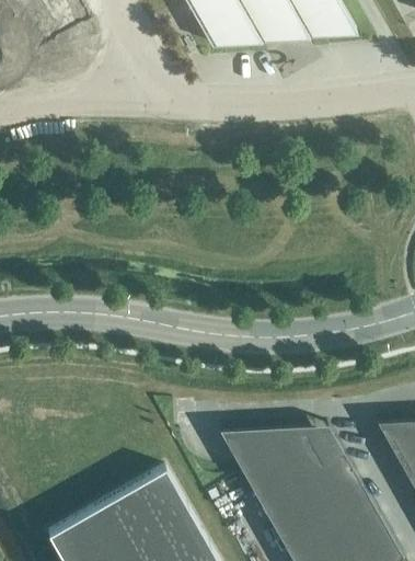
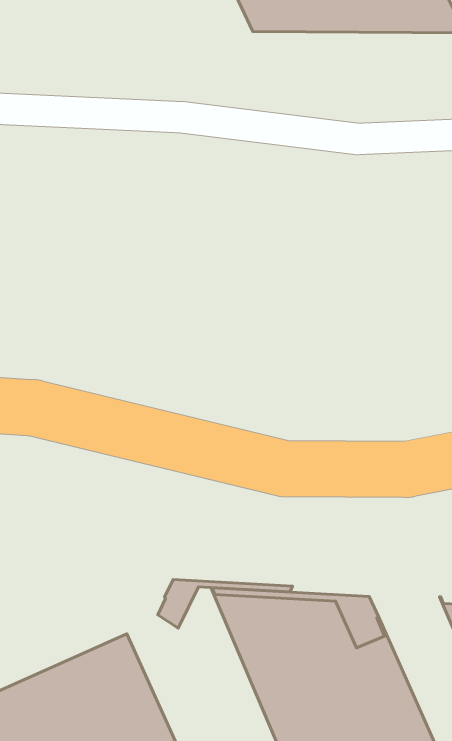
building: none -> [158,579,293,628]

